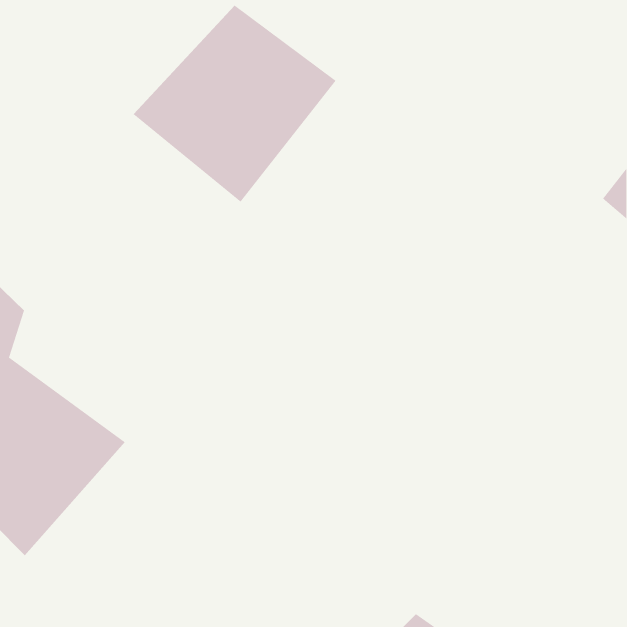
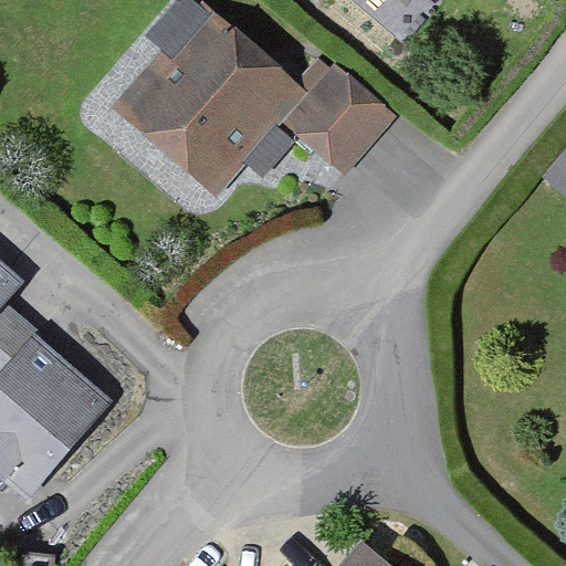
building: none -> [284,65,398,169]

